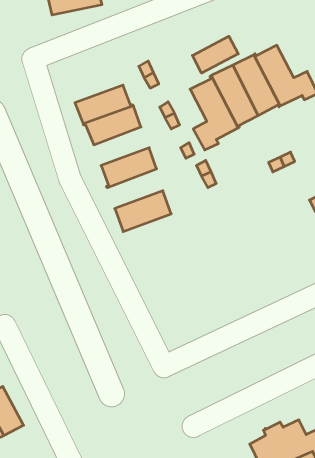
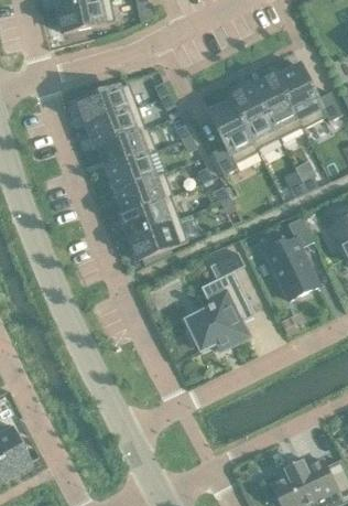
building: [192,36,238,73] -> none
building: none -> [78,83,137,125]
building: none -> [106,150,164,191]
building: none -> [120,194,178,236]
building: none -> [264,217,318,300]
building: none -> [186,251,254,352]

